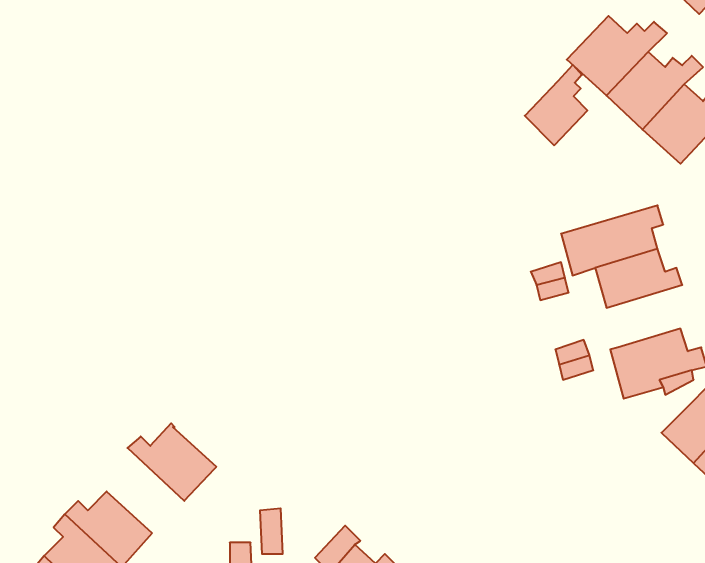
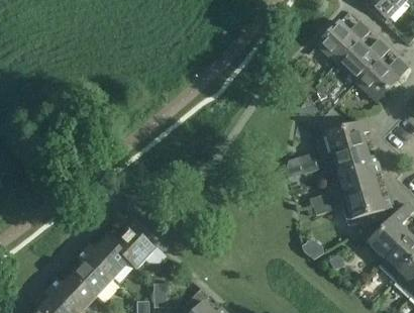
building: [525,65,587,145] -> none
building: none -> [338,164,382,197]
building: none -> [107,226,166,269]
building: none -> [72,250,113,296]

